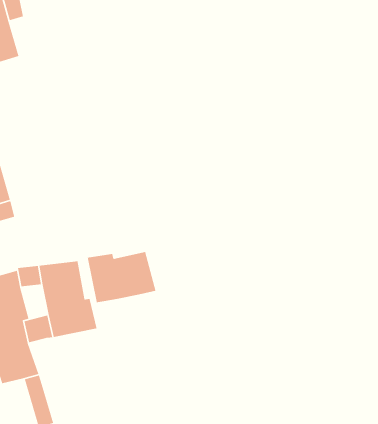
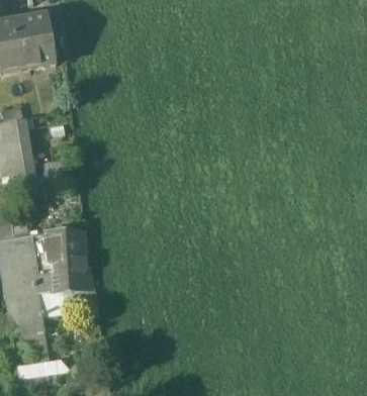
building: [87,251,157,303] -> none

